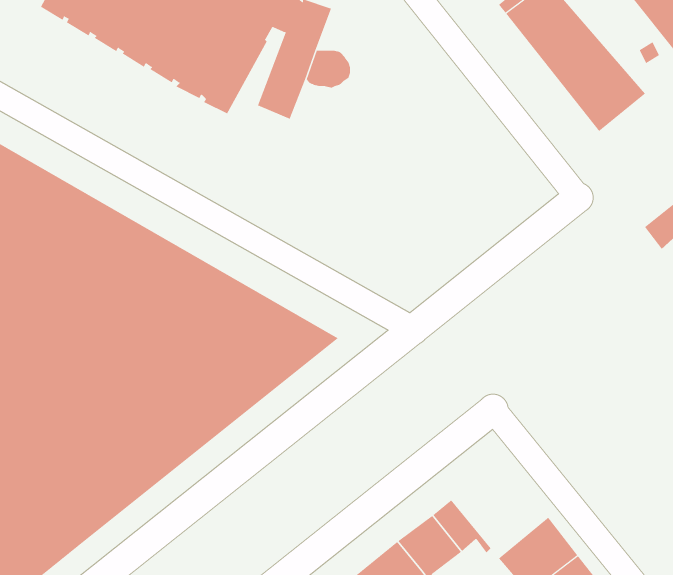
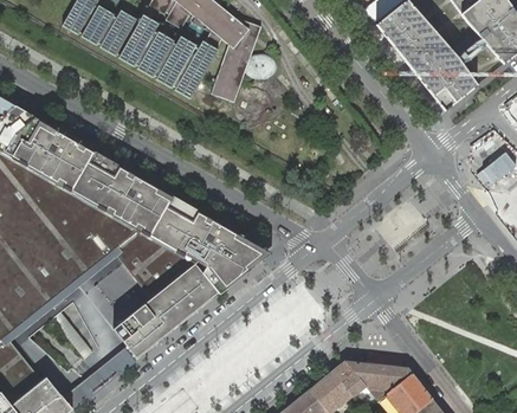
building: none -> [345,361,412,401]

